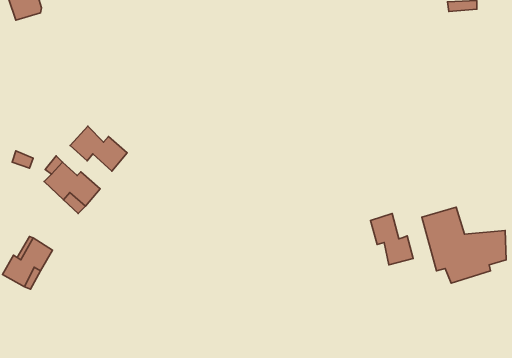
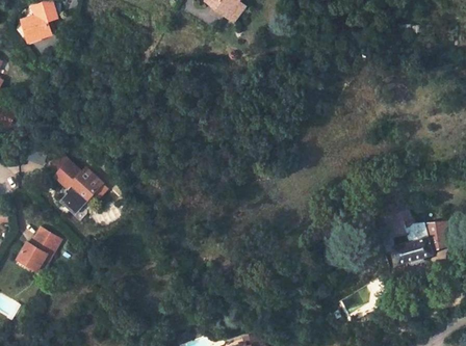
building: [70,126,127,171] -> none
building: [370,213,413,265] -> none

